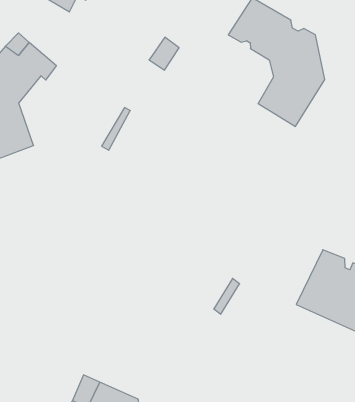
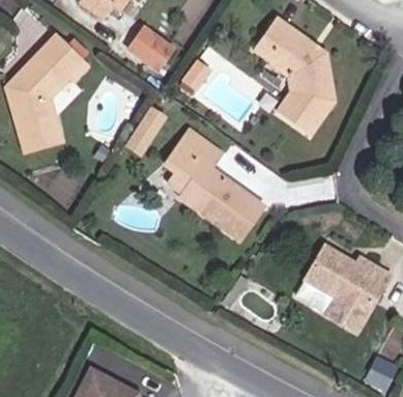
building: none -> [127,26,177,70]
building: none -> [161,129,260,239]

